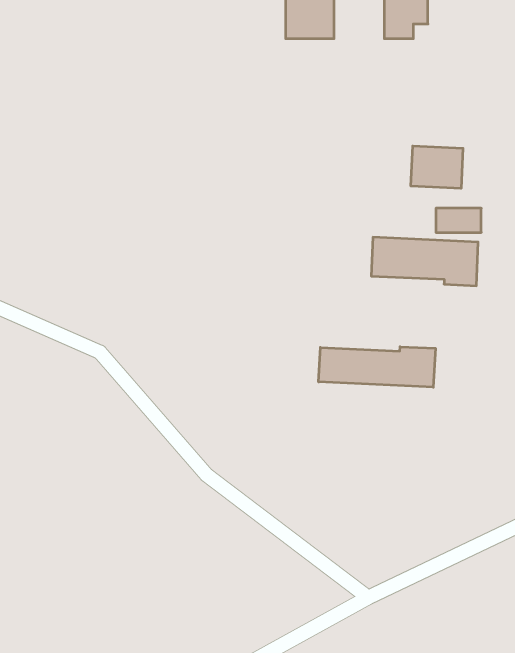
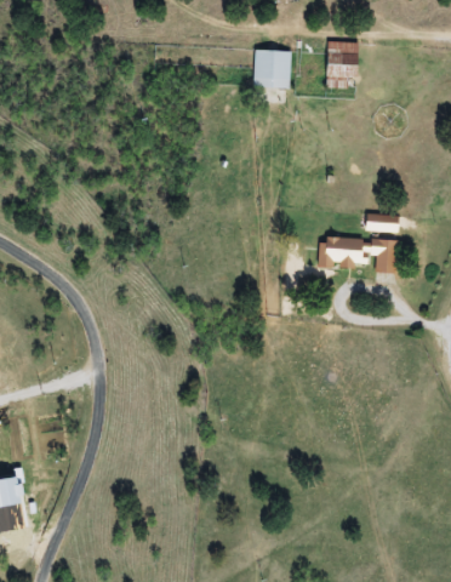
building: [411,146,463,188] -> none
building: [319,347,435,387] -> none

